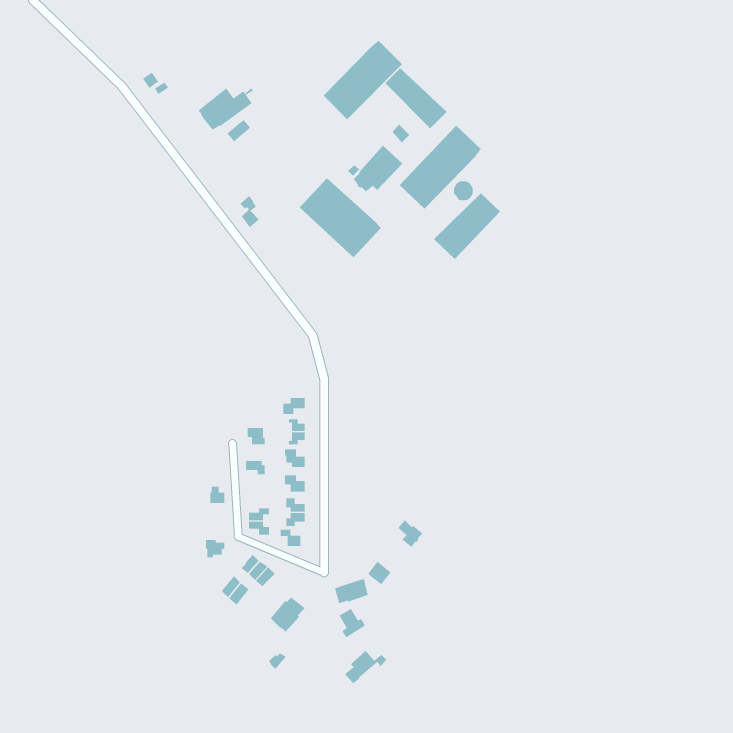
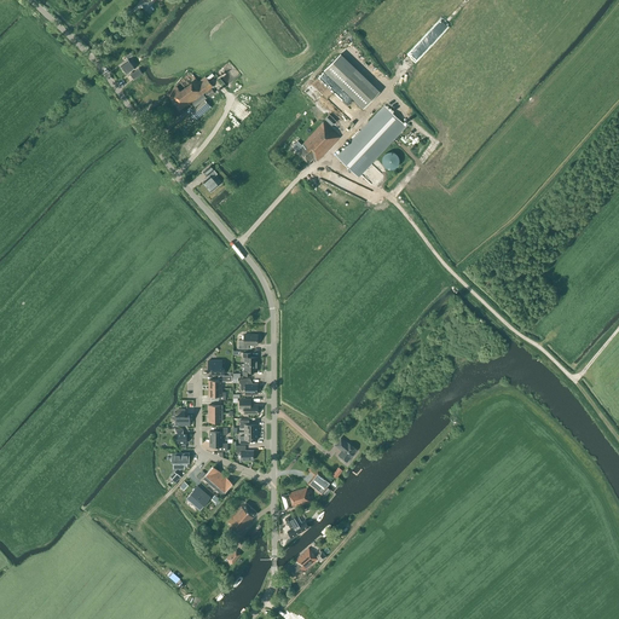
building: [323,40,403,120] -> none
building: [299,178,381,258] -> none
building: [433,193,501,260] -> none

